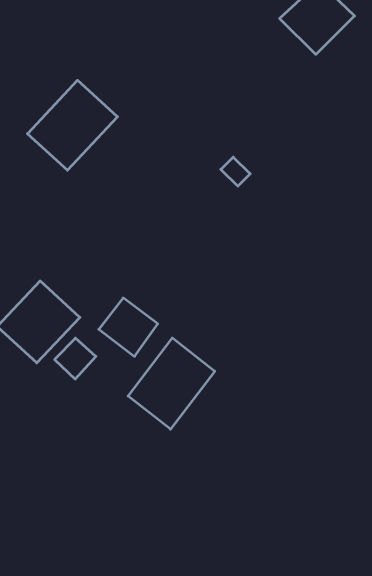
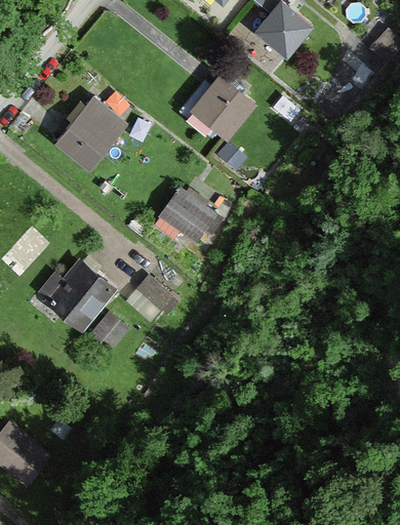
building: none -> [188,77,249,139]
building: none -> [154,186,219,243]
building: [128,338,215,429] -> none

